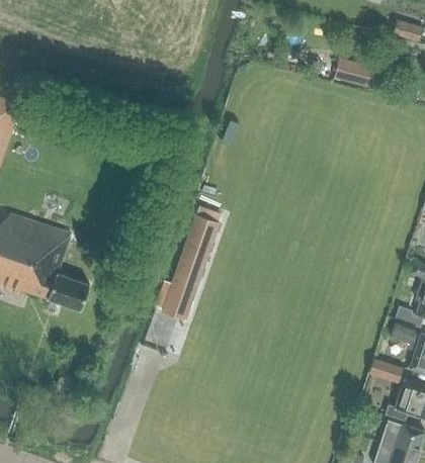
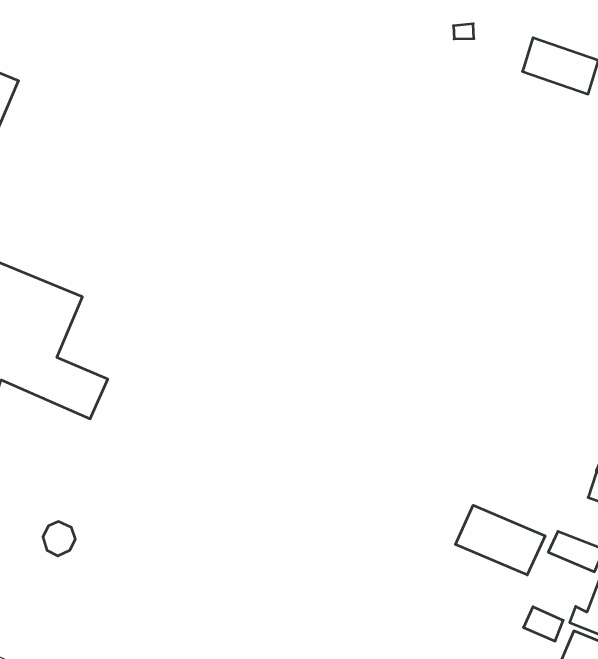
building: [162,215,220,319] -> none
building: none -> [455,505,545,575]

